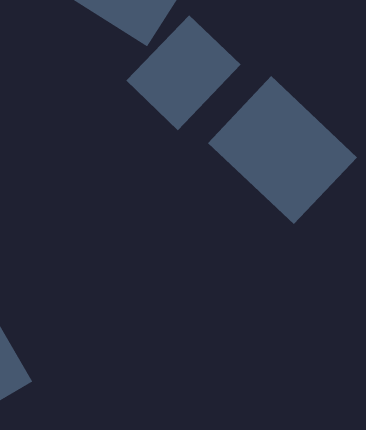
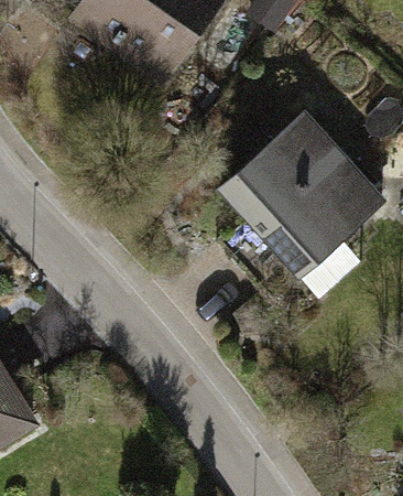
building: [126,15,242,131] -> none

